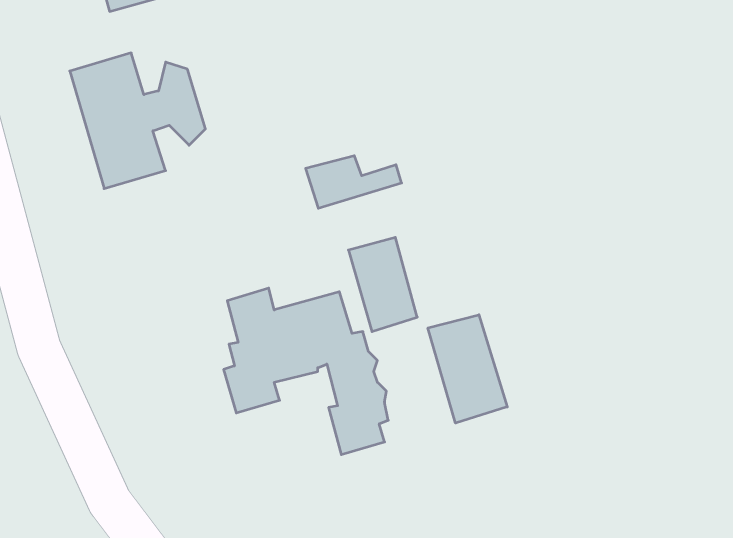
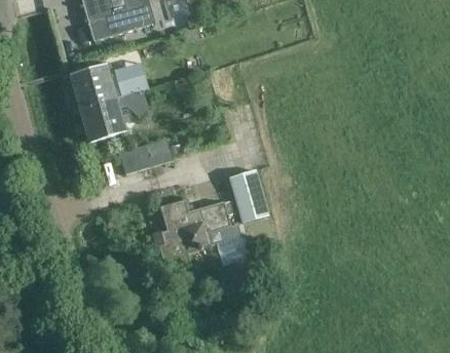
building: [306,156,402,208] -> [118,144,173,173]
building: [428,315,507,423] -> none

